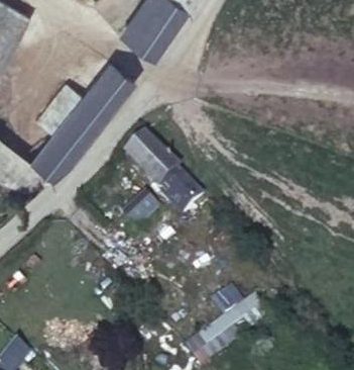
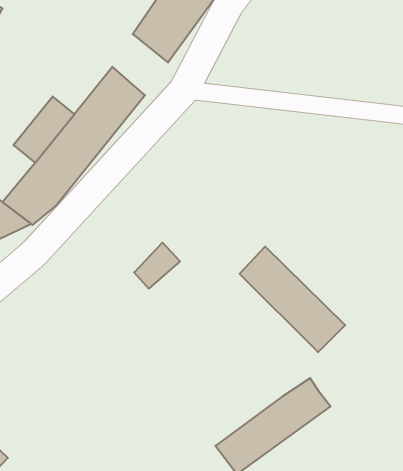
building: [125,134,204,213] -> [240,247,345,352]

